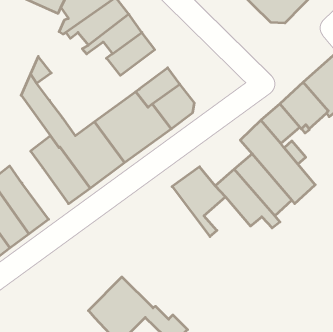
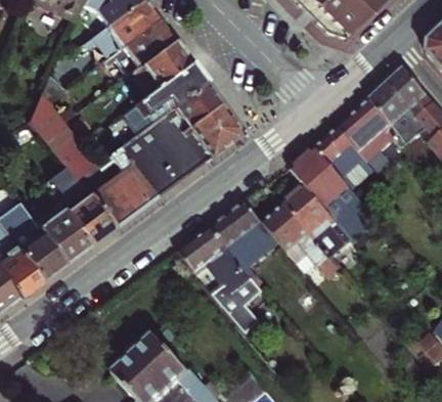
building: none -> [134,61,205,115]
building: none -> [32,202,87,263]
building: none -> [176,224,263,330]

